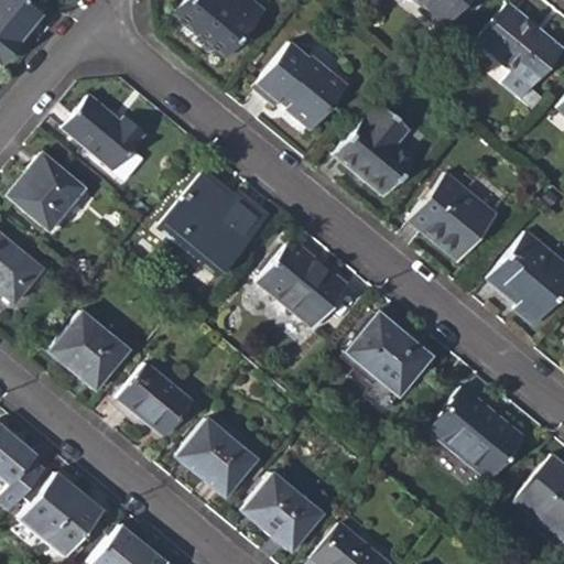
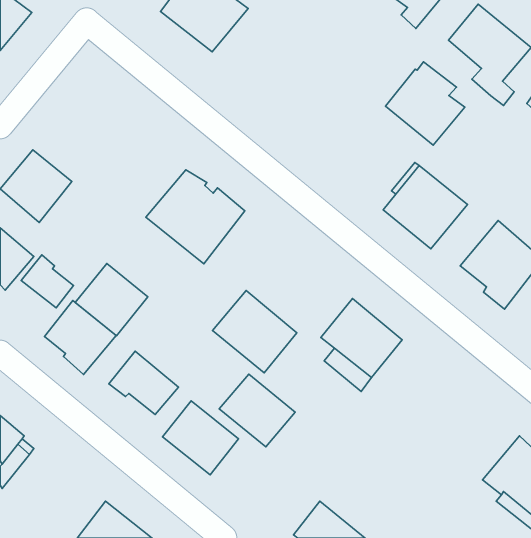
building: [253,43,345,128] -> none
building: [66,95,147,180] -> none
building: [333,109,415,196] -> [386,62,465,145]
building: [260,242,348,328] -> [213,290,297,373]
building: none -> [21,255,73,308]
building: none -> [75,264,148,336]
building: [427,389,521,479] -> none
building: [21,473,102,554] -> none
building: [245,474,324,550] -> [219,374,295,447]

